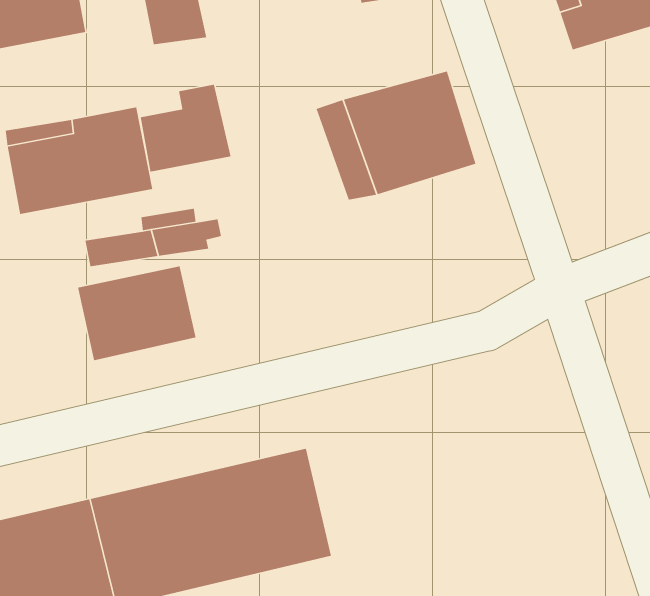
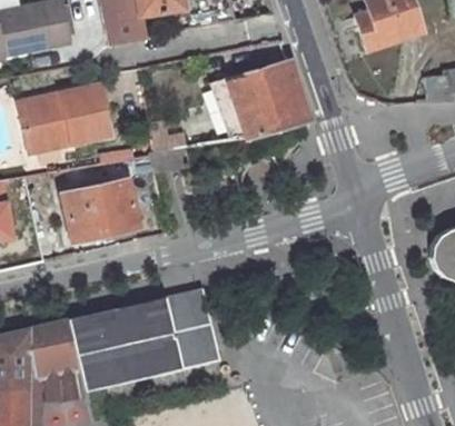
building: [140,84,232,172] -> none

